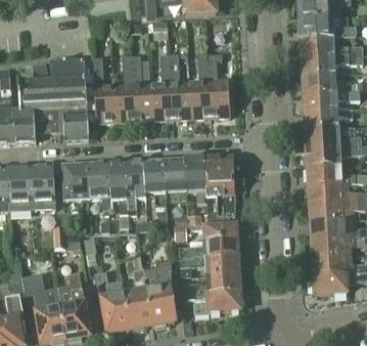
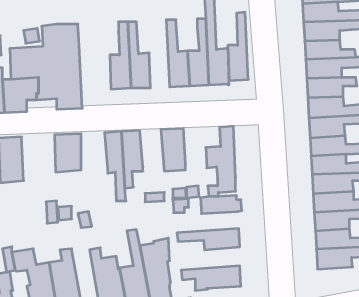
building: [152,53,172,119] -> [228,12,248,80]
building: [93,57,116,121] -> none
building: [185,157,221,202] -> none
building: [143,159,167,206] -> none
building: [87,162,112,214] -> none
building: [30,165,55,208] -> none
building: [179,237,238,258] -> none
building: [183,271,239,294] -> none

